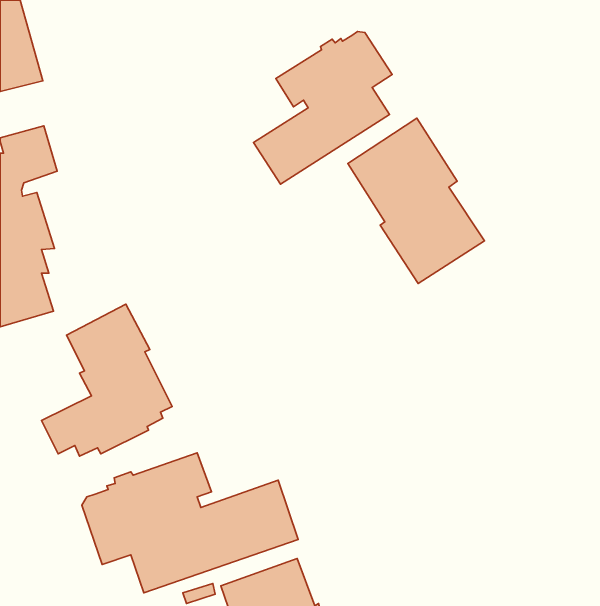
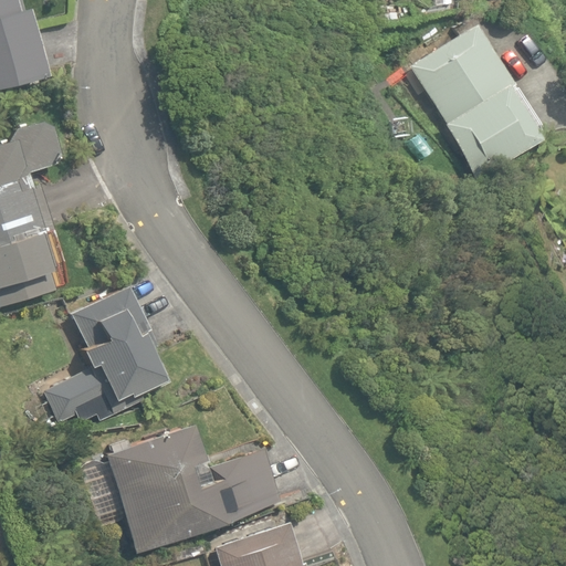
building: [253,31,392,184] -> none
building: [348,118,485,283] -> [412,25,539,179]

